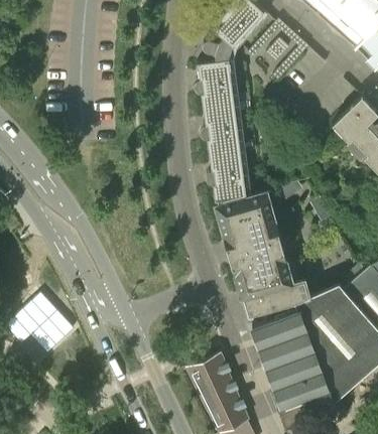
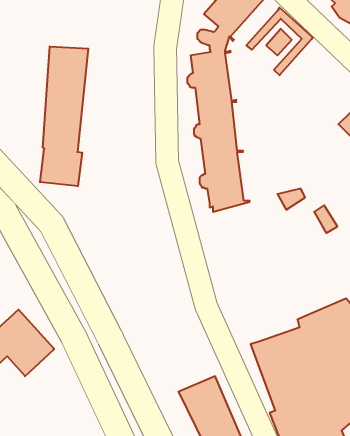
building: none -> [40,46,88,186]
building: [217,192,311,317] -> none

